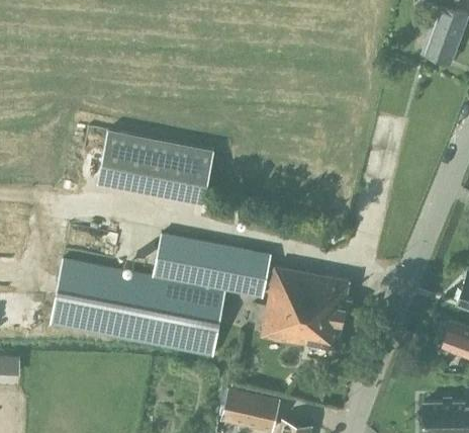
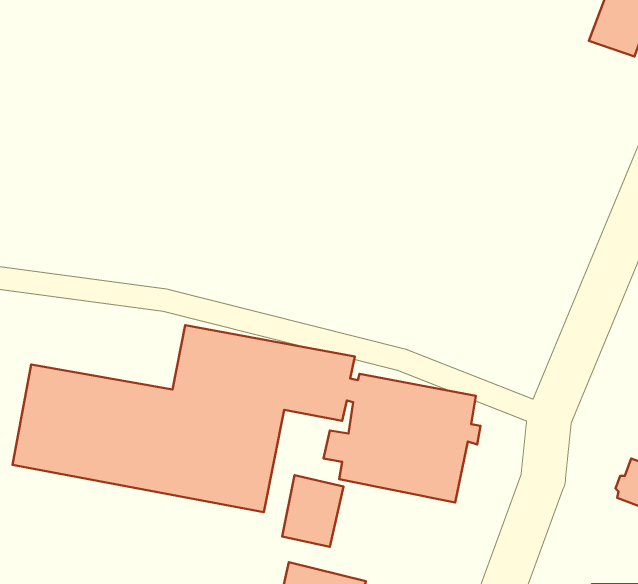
building: [98,132,214,202] -> none
building: none -> [282,475,344,547]

